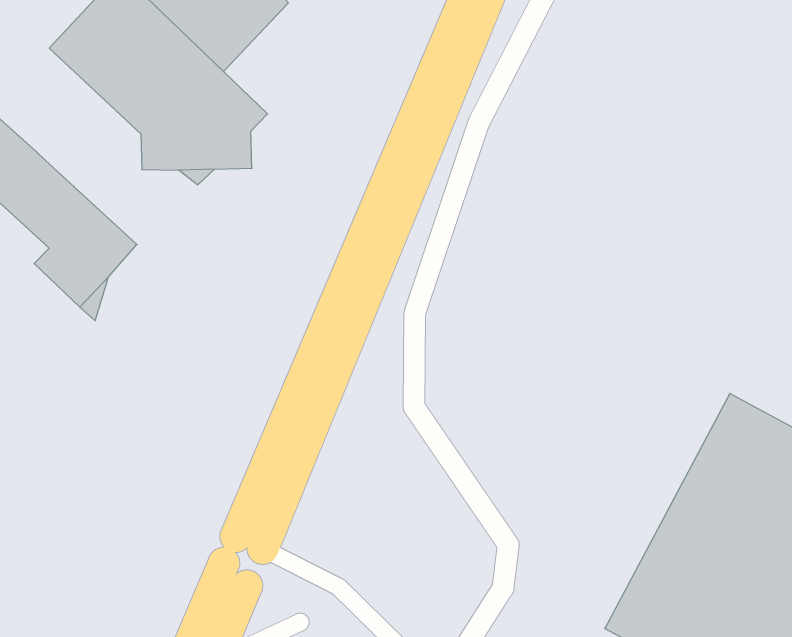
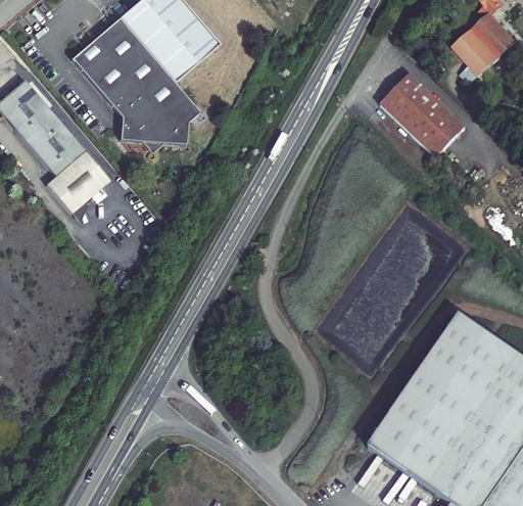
building: none -> [381,73,465,156]

